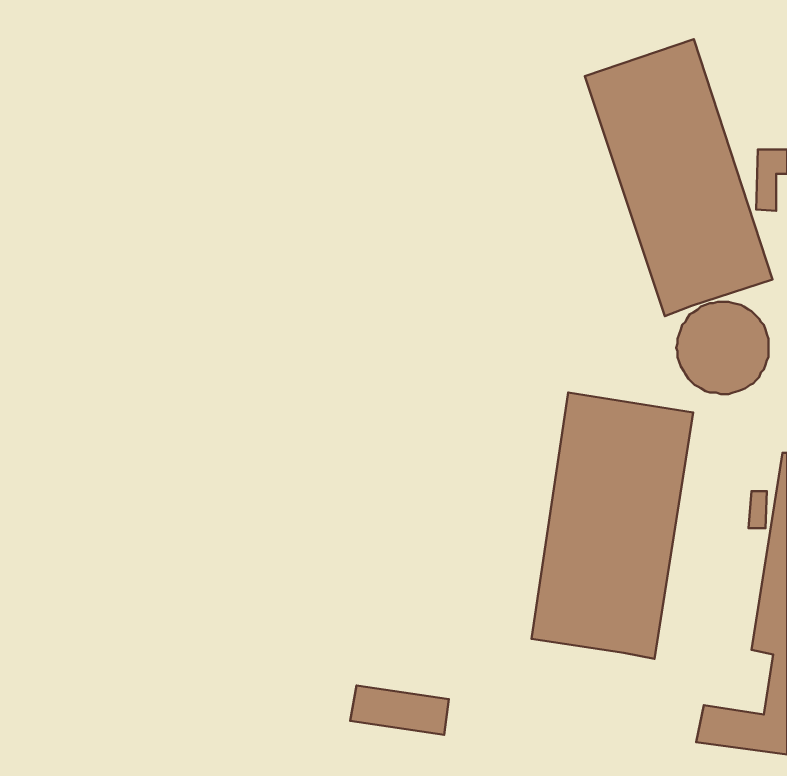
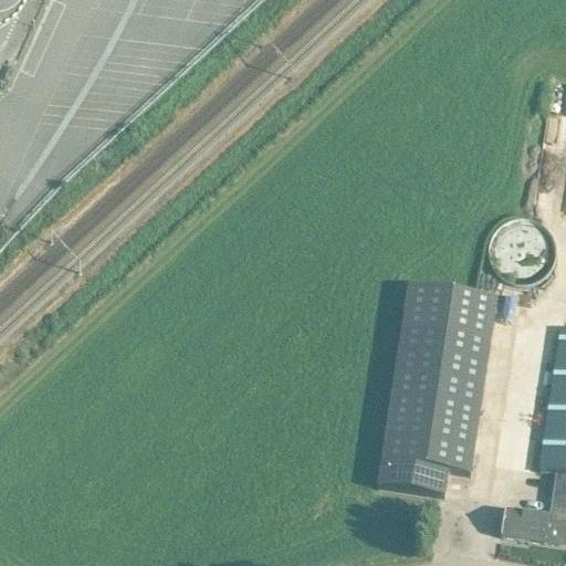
building: [585,39,772,316] -> none
building: [350,685,449,735] -> [377,459,448,494]

